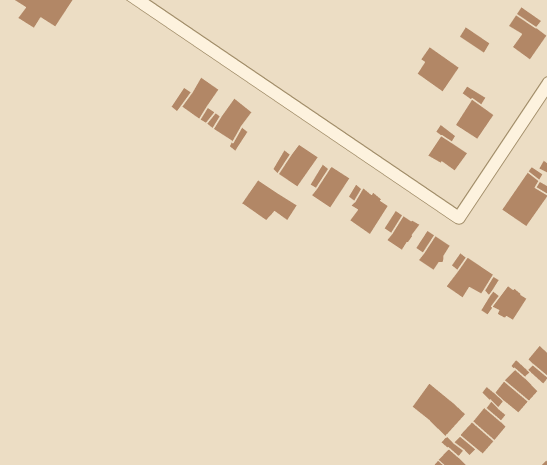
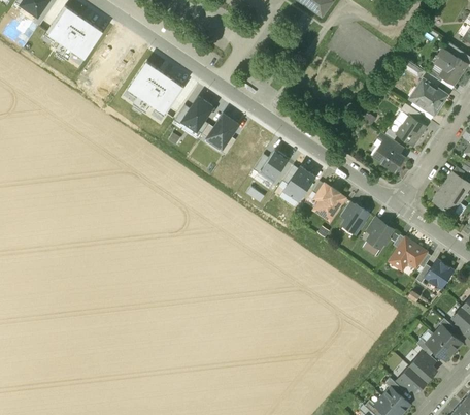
building: none -> [128,61,183,114]
building: [416,46,460,92] -> [413,78,447,115]
building: [241,179,298,221] -> none
building: [412,383,466,437] -> none

